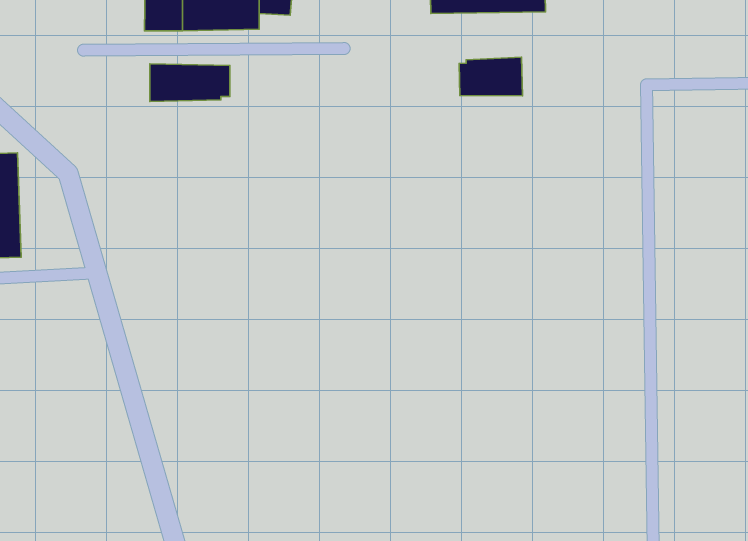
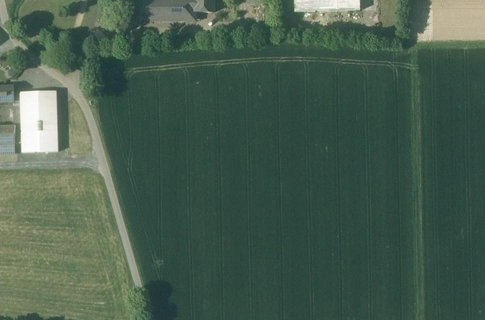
building: [459,57,522,96] -> none
building: [150,64,230,101] -> none

